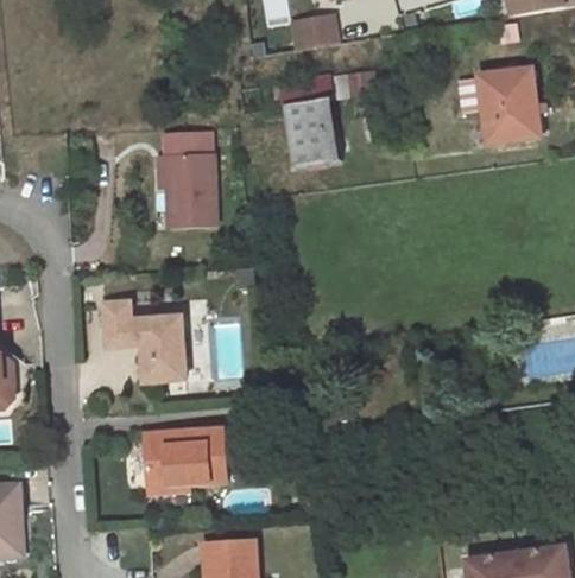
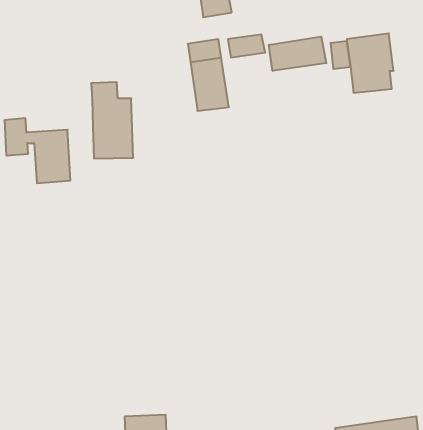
building: none -> [269,37,326,71]
building: [103,304,185,385] -> [4,118,70,183]
building: [147,428,229,487] -> none

